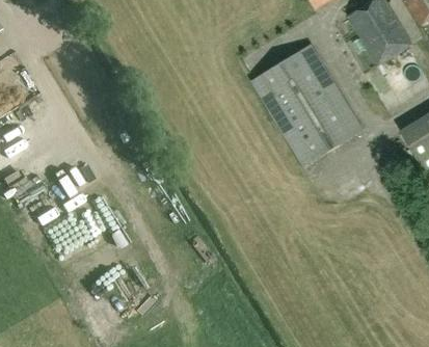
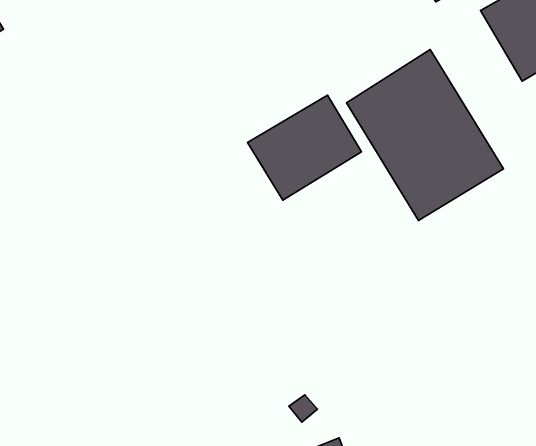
building: none -> [247,95,361,200]

